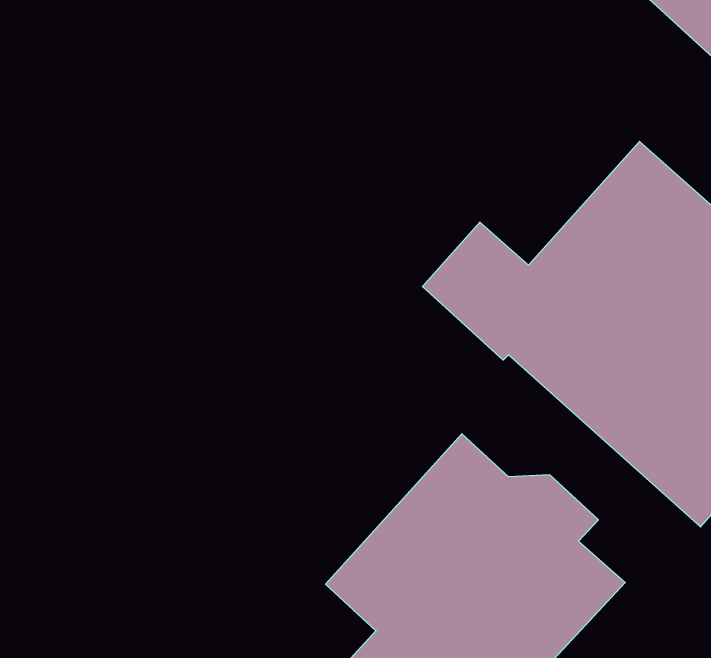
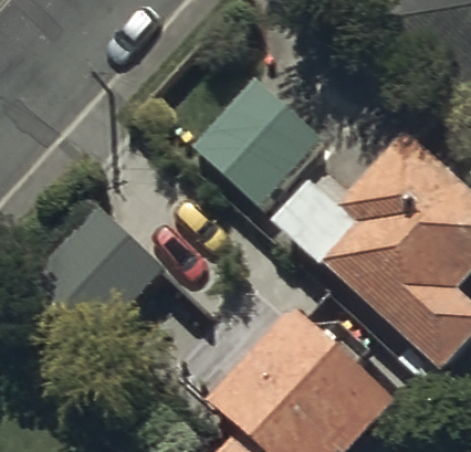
building: none -> [187,70,318,200]
building: none -> [20,201,163,344]

